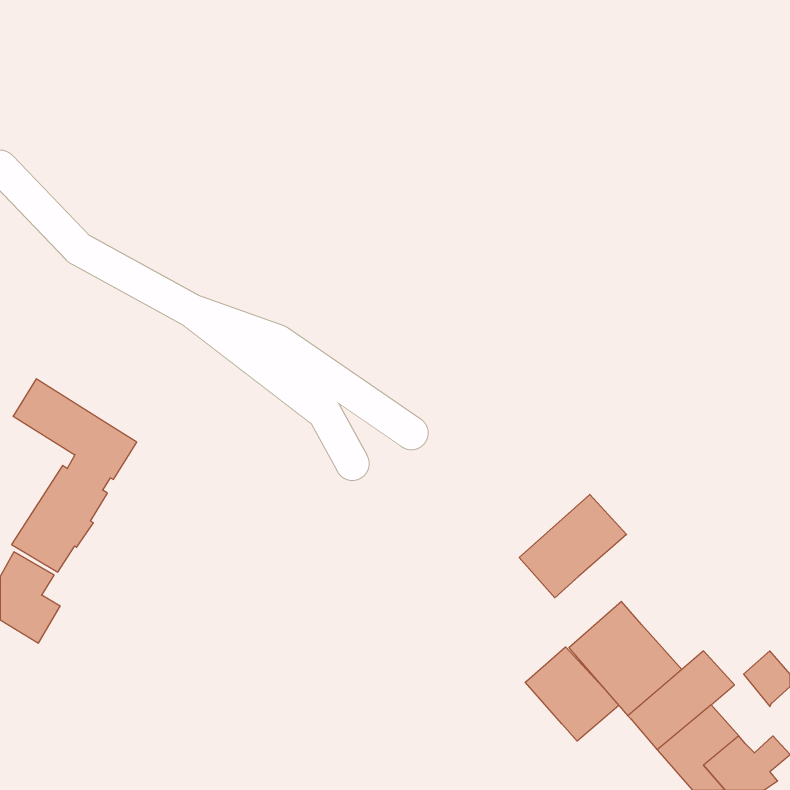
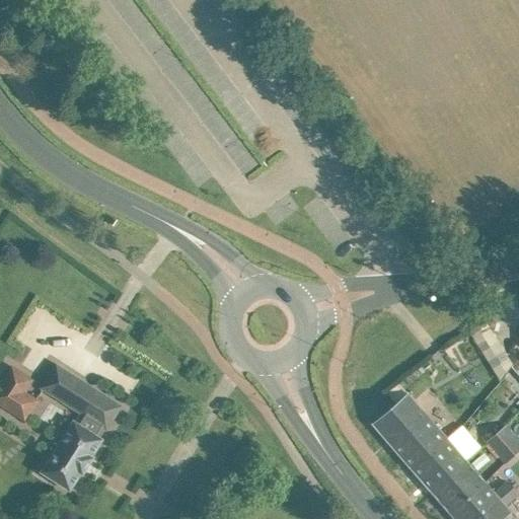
building: [12,379,137,572] -> [40,364,122,491]
building: [519,494,627,598] -> none
building: [525,647,619,741] -> none

